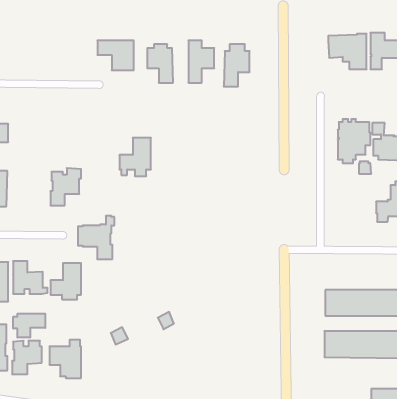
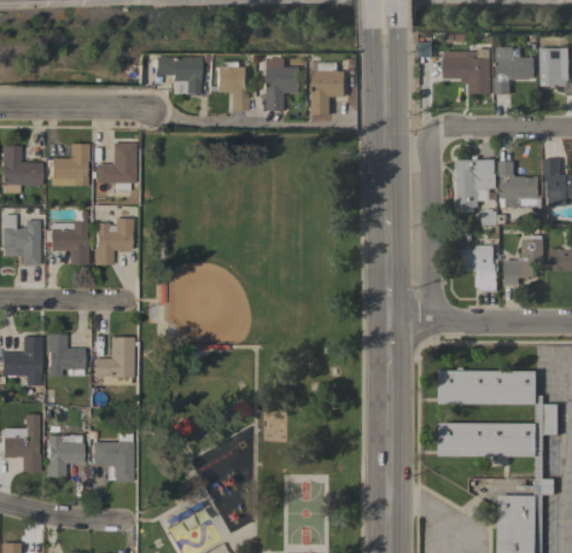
building: none -> [52,144,88,186]
building: [119,138,151,176] -> [95,142,135,191]
building: none -> [460,245,500,291]
building: [78,216,114,259] -> [45,210,91,264]
building: [13,314,45,338] -> none

